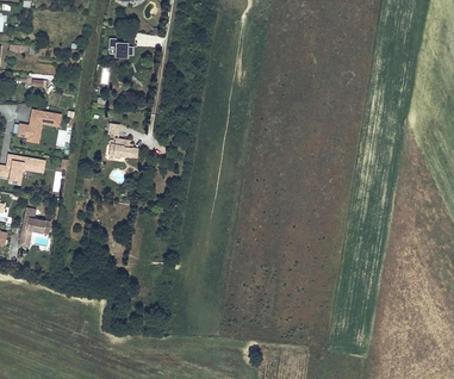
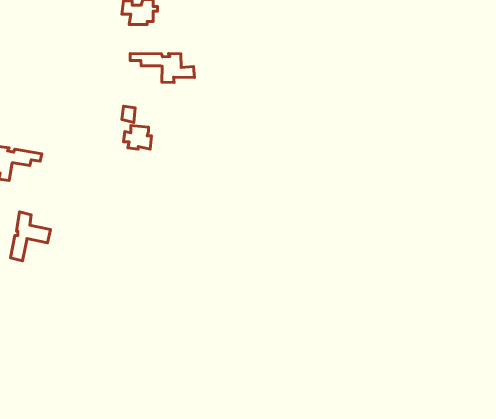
building: none -> [130,54,194,83]
building: [19,110,61,142] -> none

